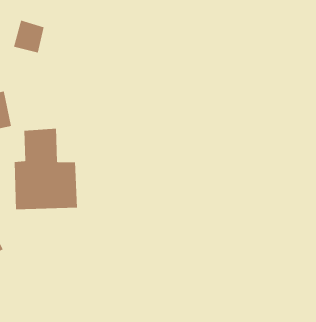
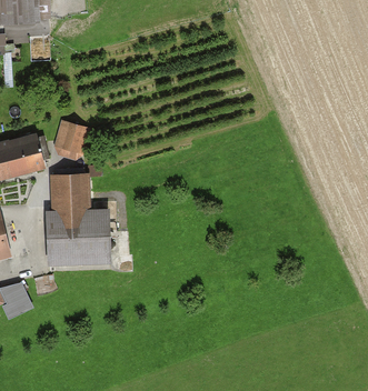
building: [13,20,45,53] -> [53,121,87,157]

